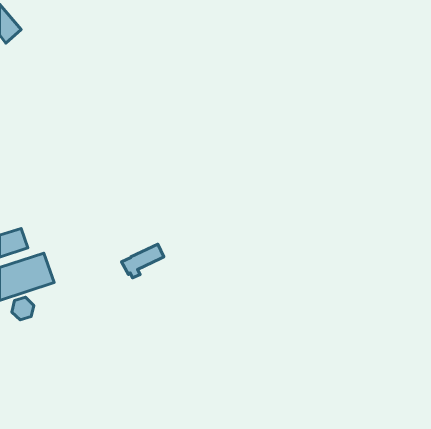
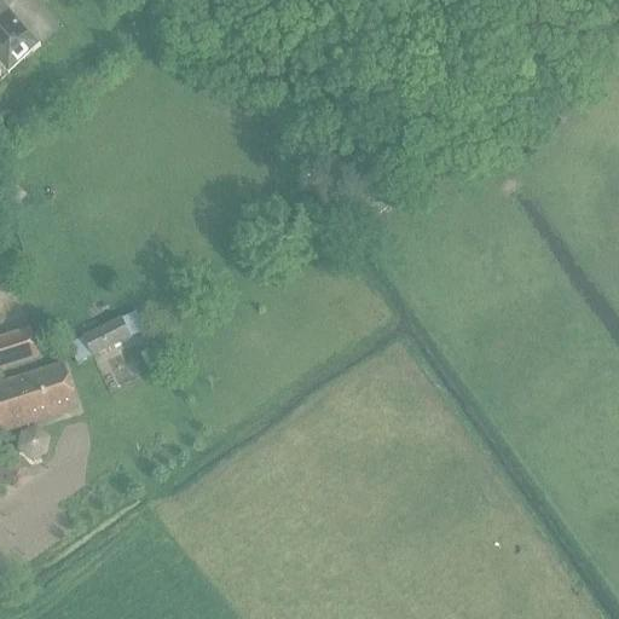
building: [122,244,164,278] -> [69,317,129,365]

